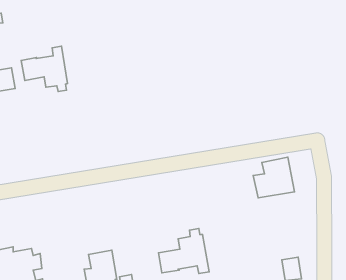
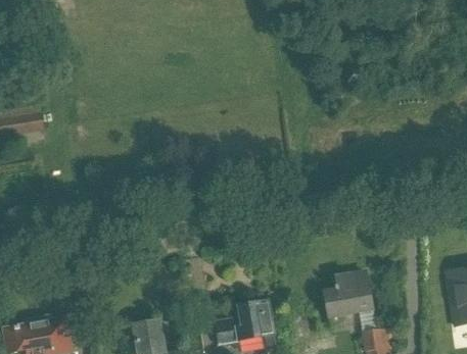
building: [21,46,68,92] -> none
building: [253,157,295,198] -> [324,269,373,317]

